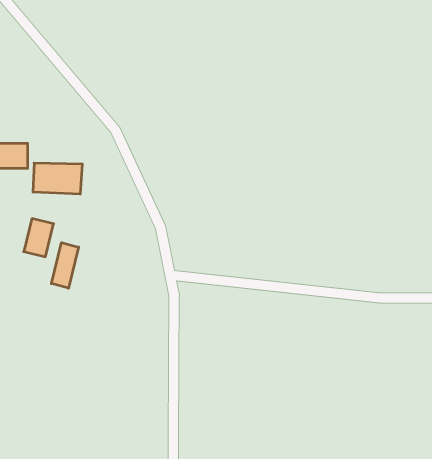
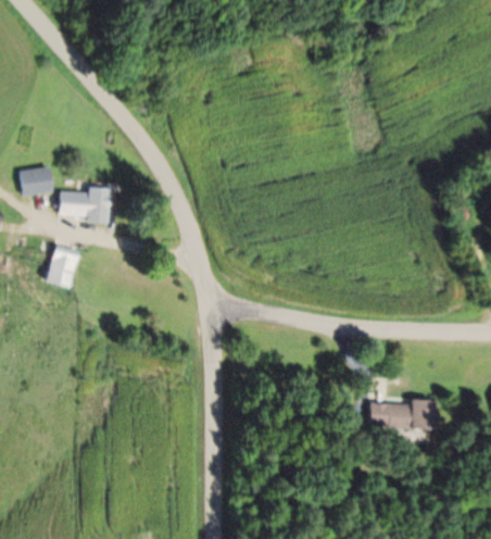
building: [51,243,79,288] -> none
building: none -> [365,401,426,429]

